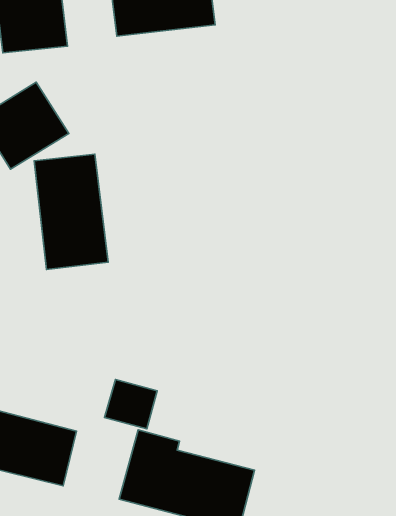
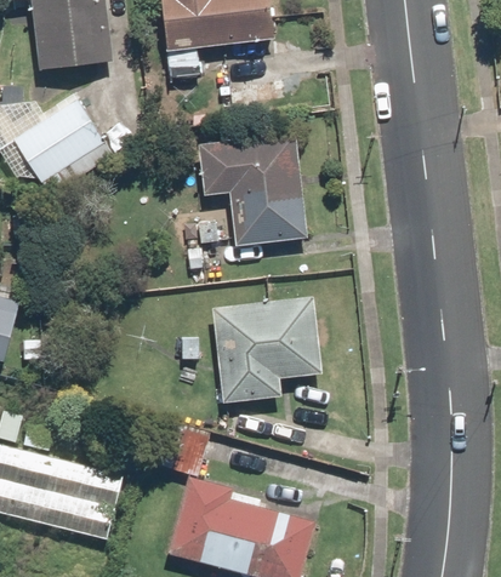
building: none -> [198,132,306,245]
building: [34,154,108,270] -> none
building: none -> [214,296,319,401]

